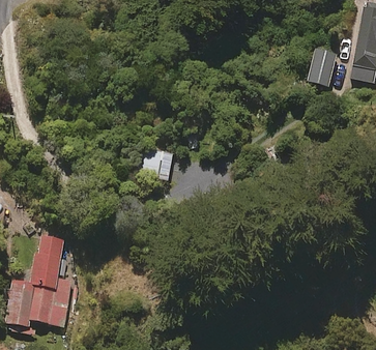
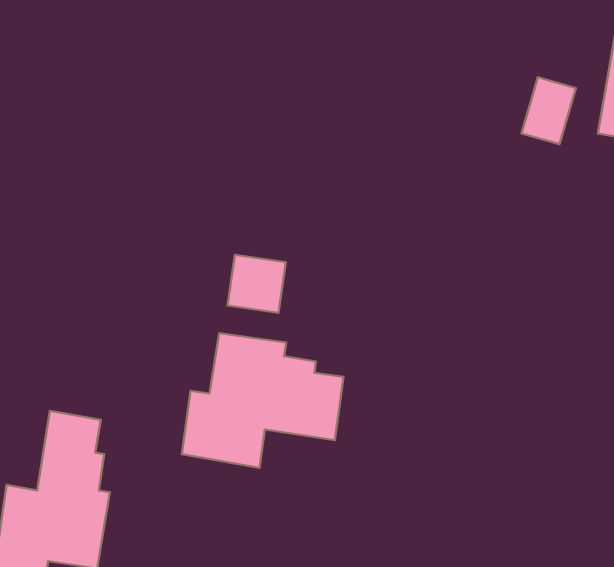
building: none -> [182,333,343,468]

